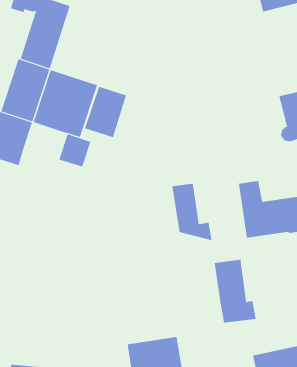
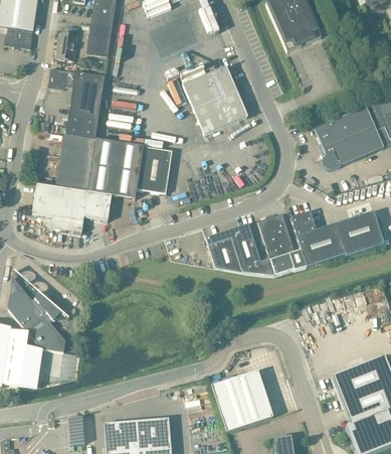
building: none -> [183,65,247,134]
building: [58,134,91,167] -> [83,190,112,219]
building: none -> [205,229,242,271]
building: [214,259,257,323] -> [257,211,307,275]

